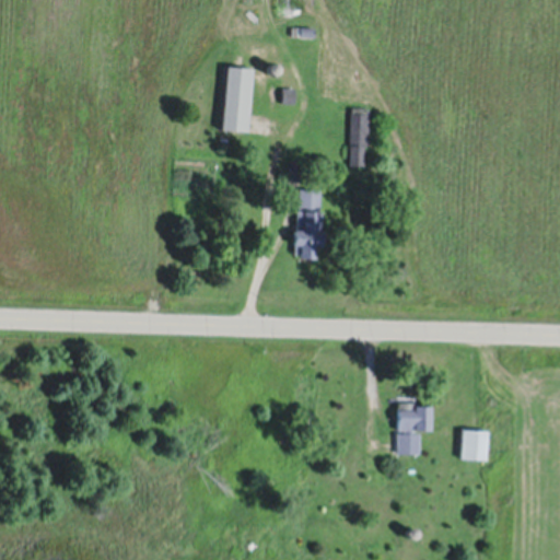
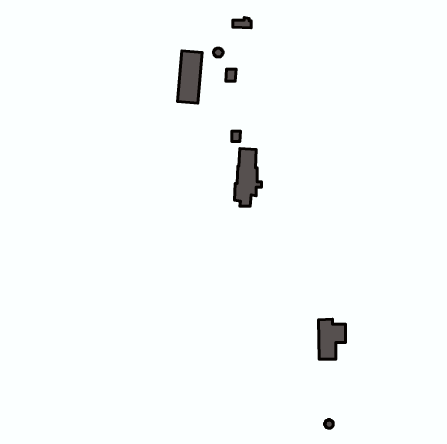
building: [351,109,370,168] -> none
building: [462,430,488,459] -> none

